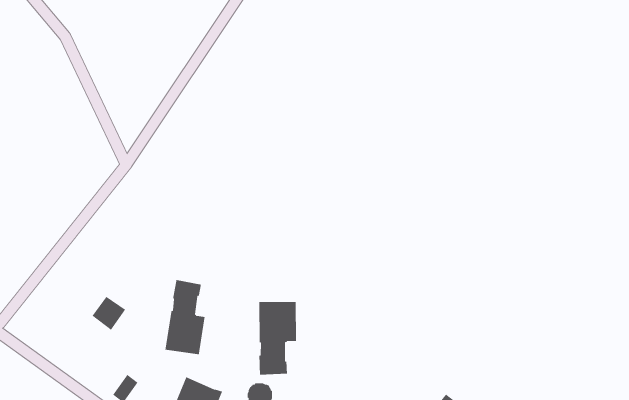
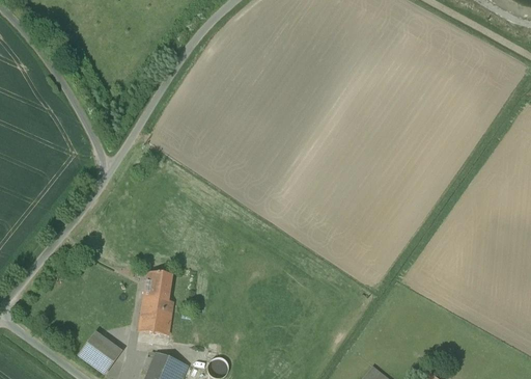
building: [91,296,126,331] -> [80,337,109,367]
building: [258,301,297,375] -> none

